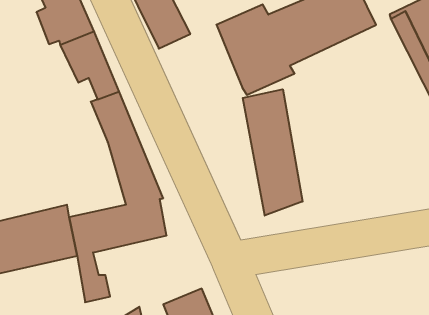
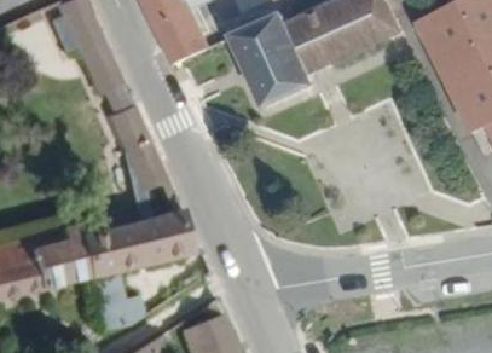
building: [243,89,303,216] -> none

